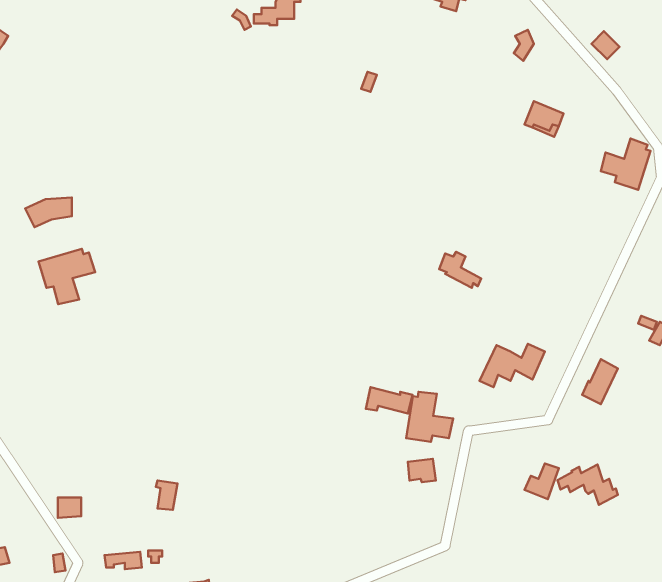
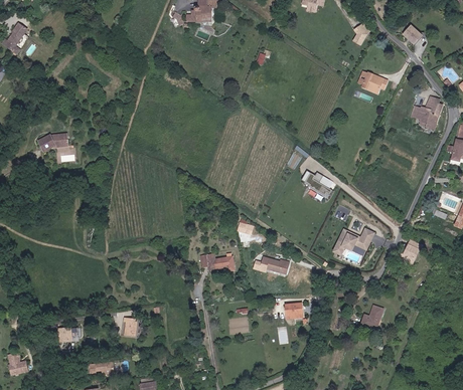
building: [38,249,95,304] -> none
building: none -> [199,253,233,273]
building: [406,392,453,442] -> none
building: [557,465,618,505] -> none

